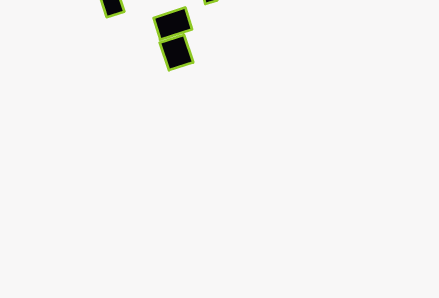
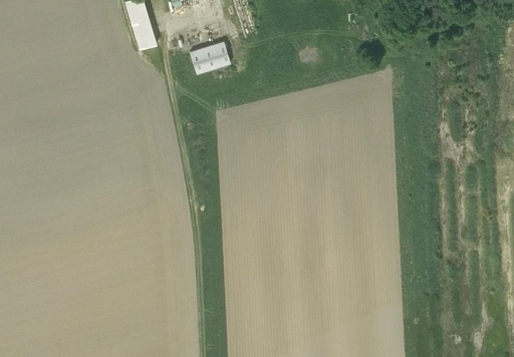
building: [160,35,193,70] -> none

